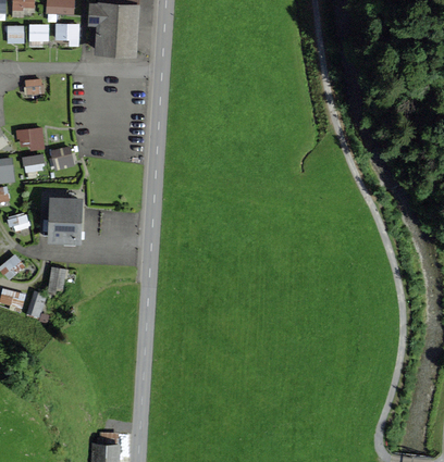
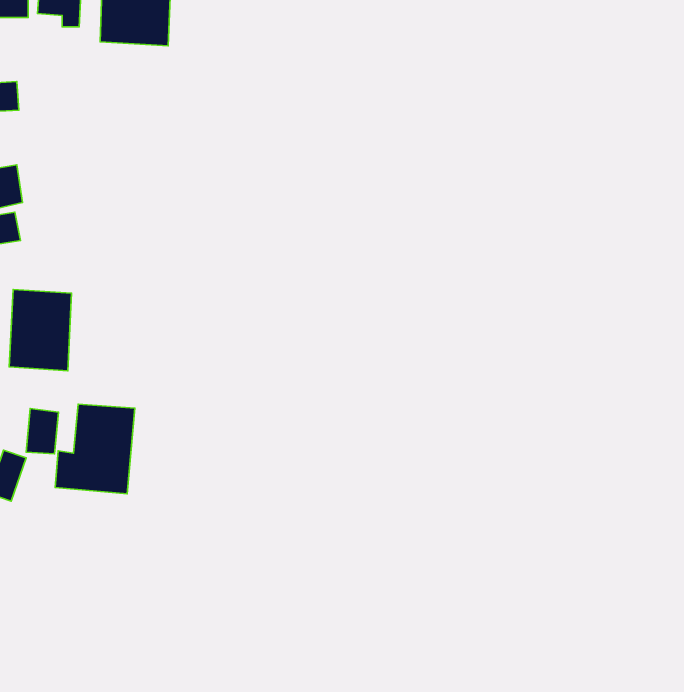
building: [50,146,75,170] -> none
building: none -> [55,404,135,494]

